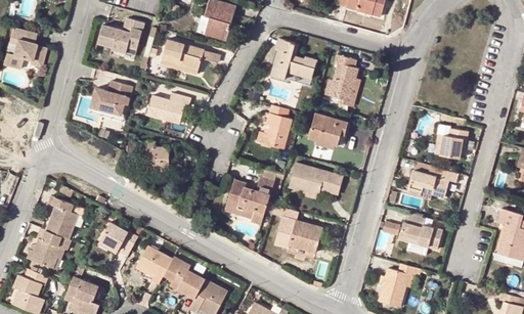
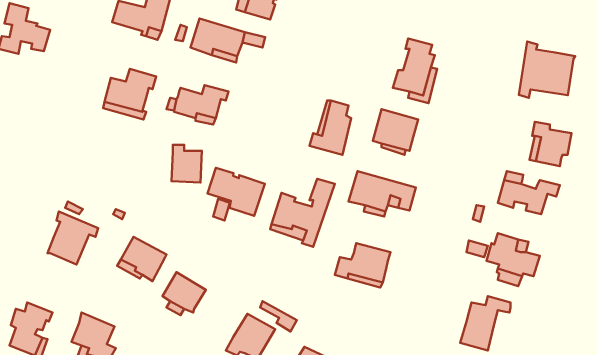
building: [270,40,315,79] -> none
building: none -> [519,41,575,98]
building: none -> [208,168,265,216]
building: [29,227,72,267] -> none
building: [163,254,206,297] -> none

